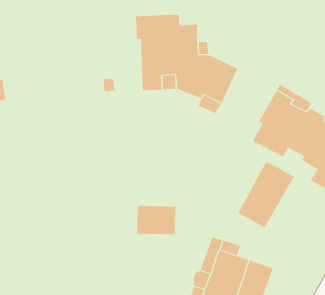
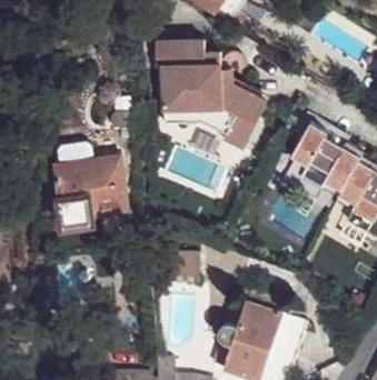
building: none -> [56,156,127,223]
building: [237,161,295,228] -> none

